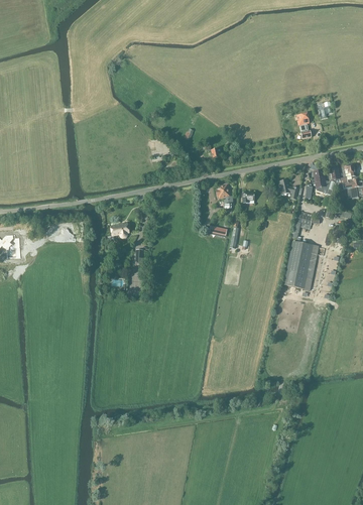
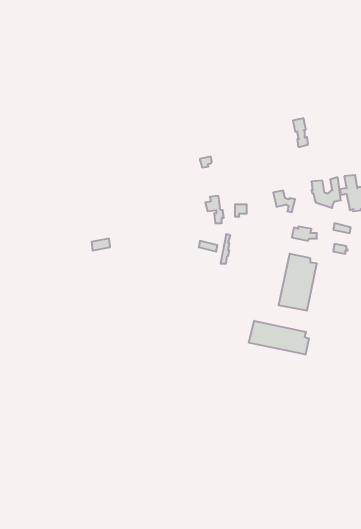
building: none -> [249,321,309,355]

